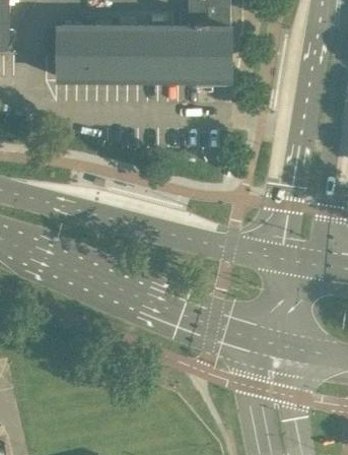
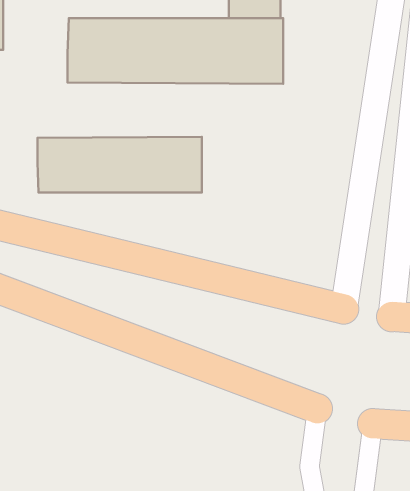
building: none -> [37,137,202,192]

